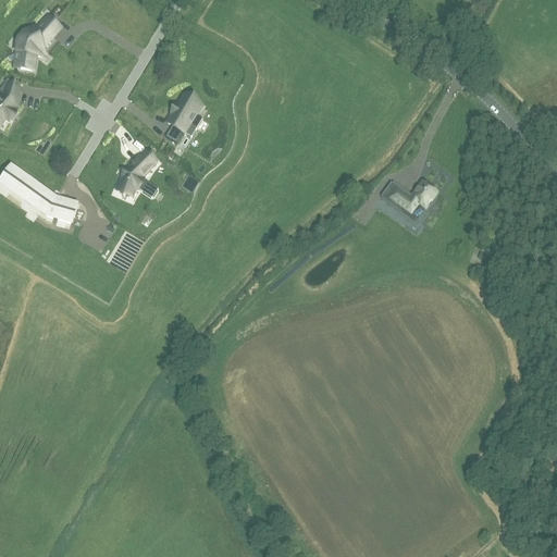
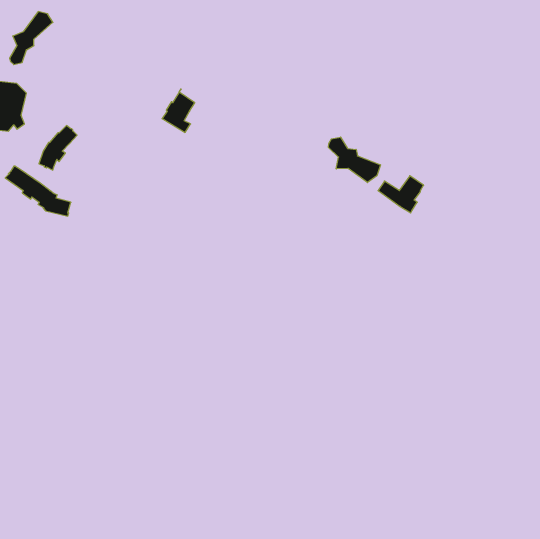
building: none -> [328,137,380,183]
building: [116,151,156,197] -> [39,126,77,170]

